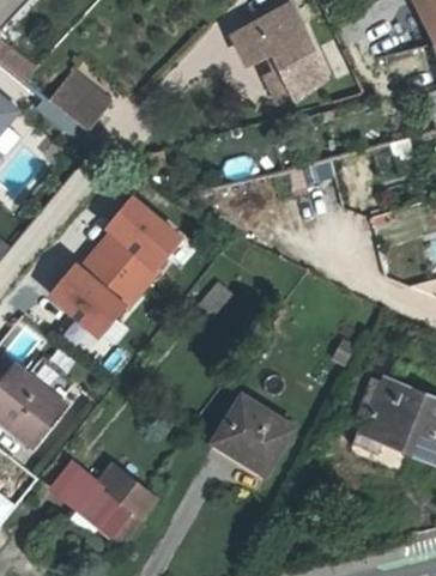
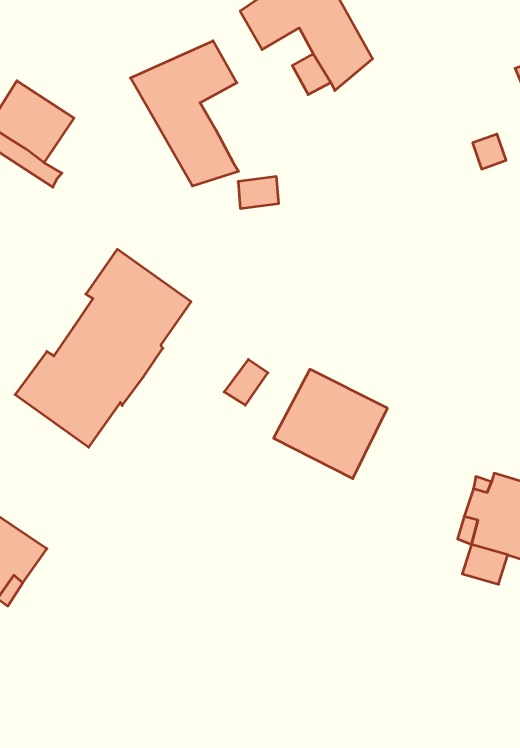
building: none -> [130,41,239,186]
building: [212,394,295,474] -> [274,369,387,479]
building: [50,461,156,544] -> none

